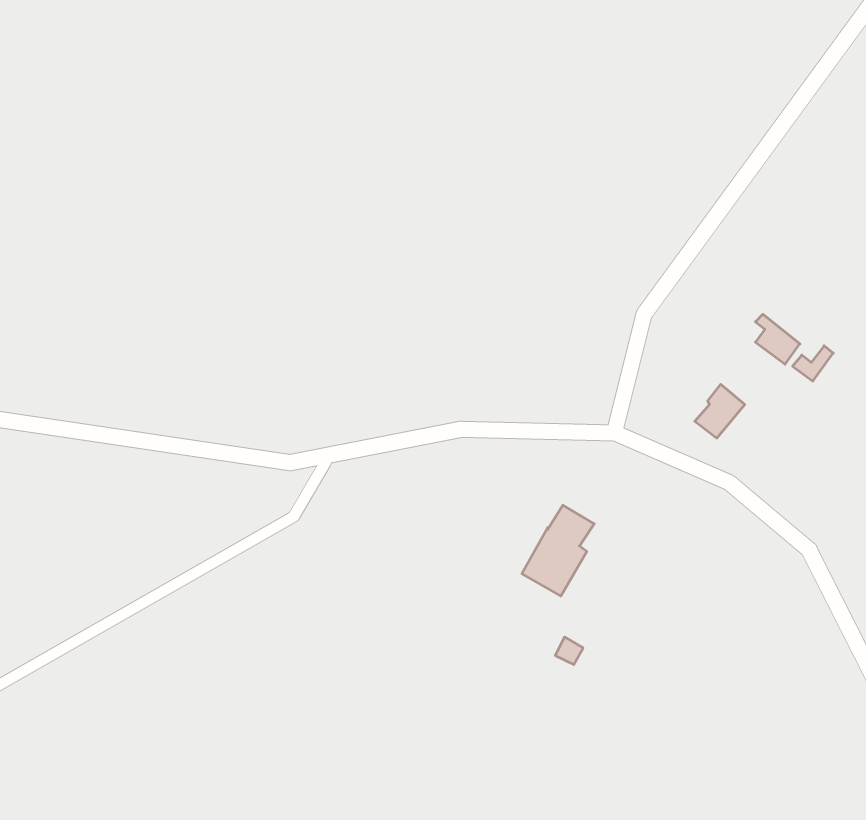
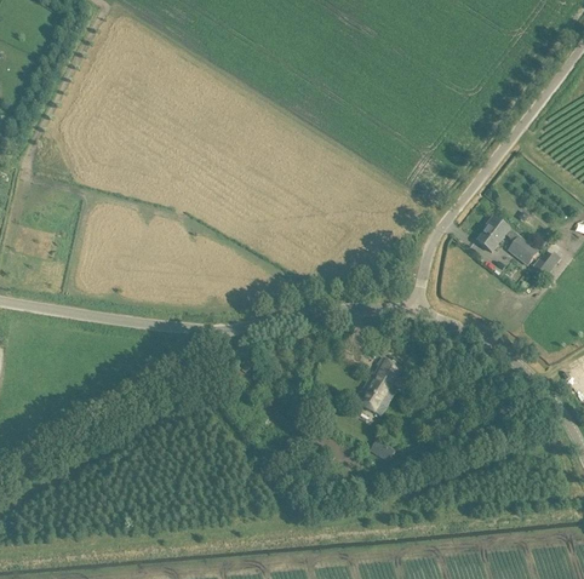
building: [695,384,745,438] -> [476,214,509,250]

